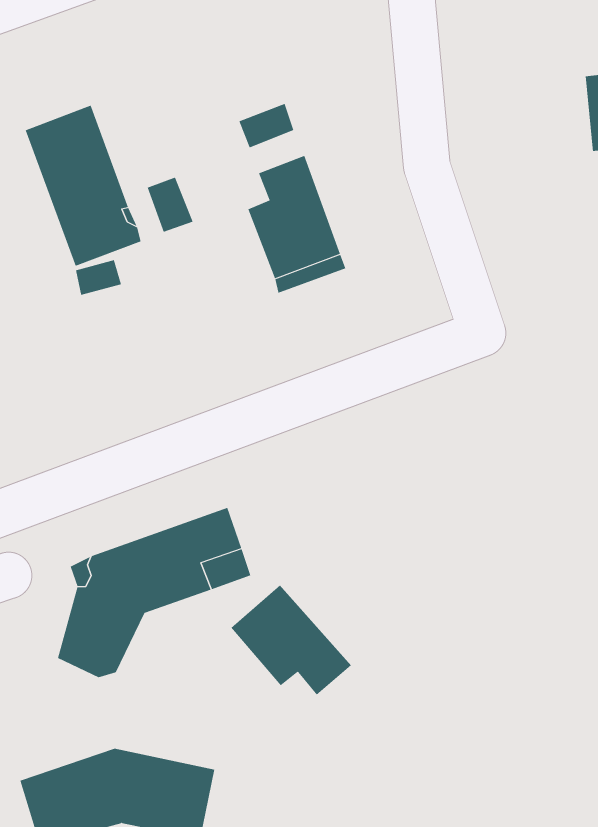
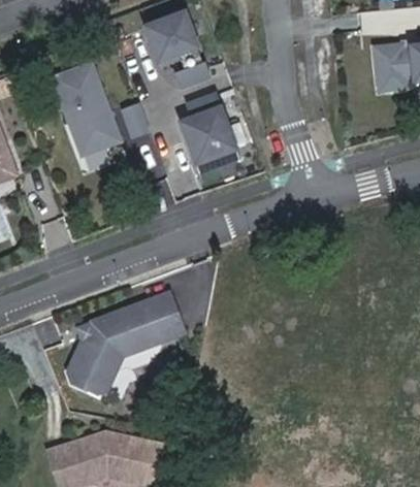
building: none -> [144,11,196,60]
building: [231,585,352,695] -> none

